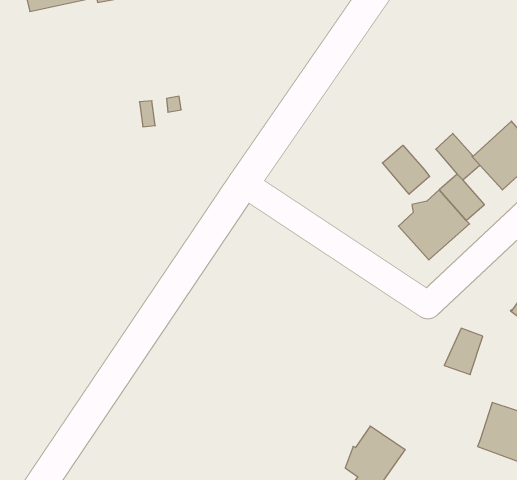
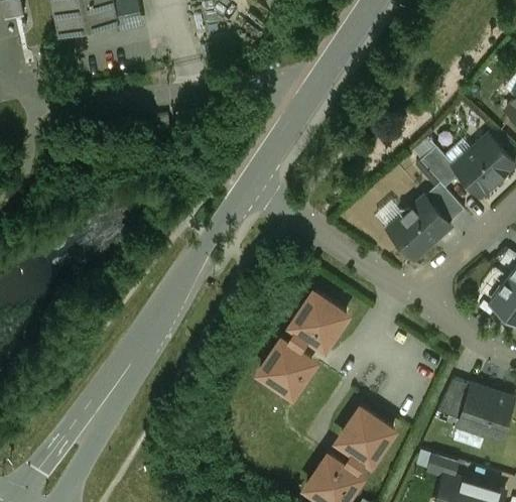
building: [382,145,430,194] -> none
building: none -> [259,292,346,396]
building: [444,328,483,375] -> [436,379,471,420]

